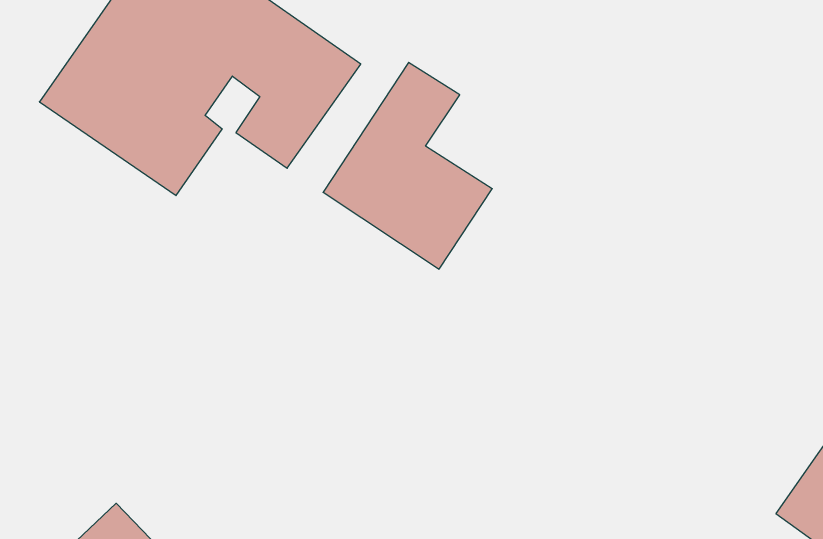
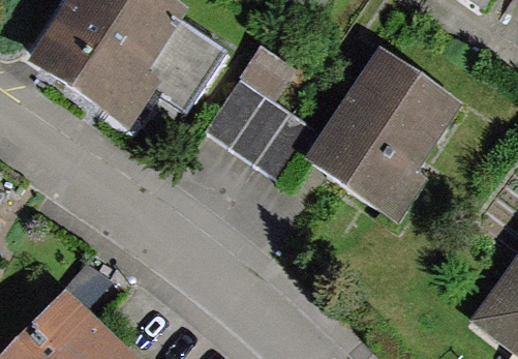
building: none -> [313,63,446,213]

